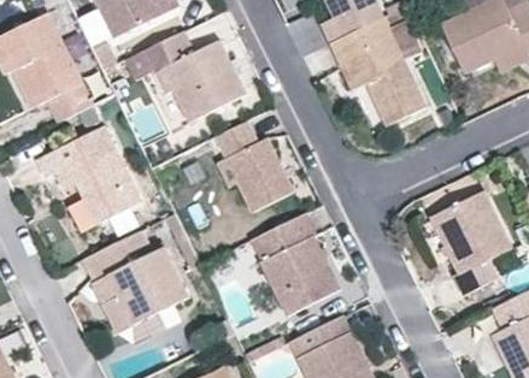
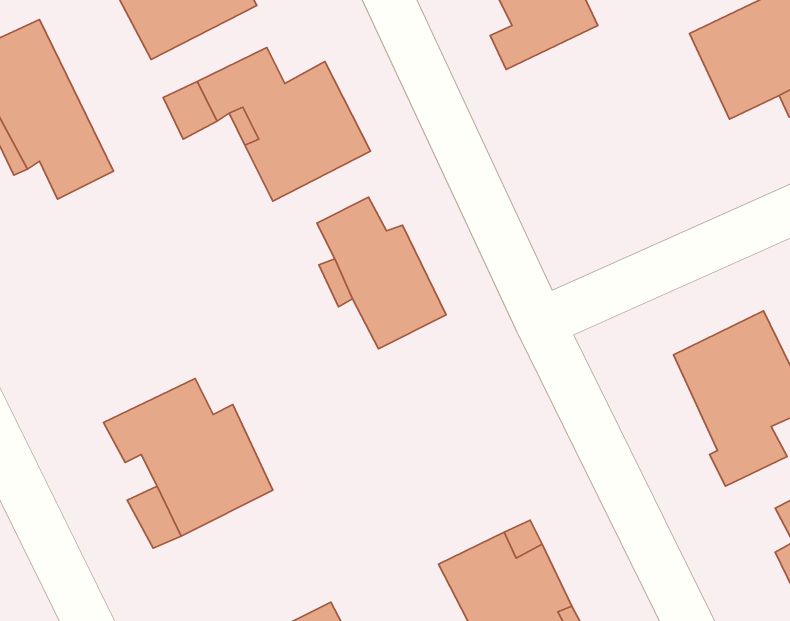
building: [329,17,428,125] -> none
building: [36,125,141,223] -> none
building: [252,212,339,315] -> none

